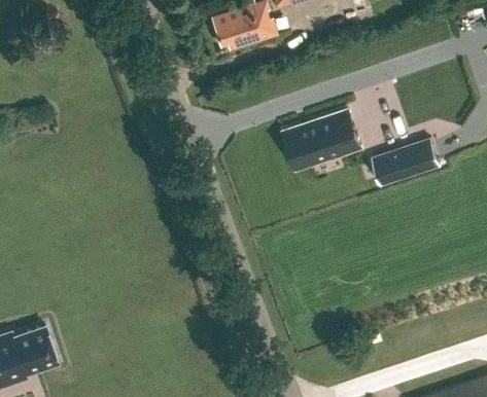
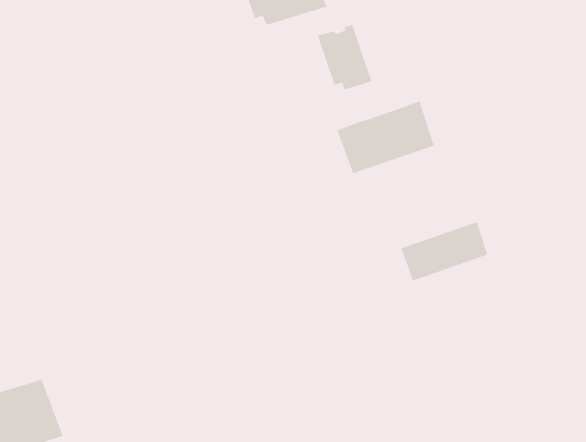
building: none -> [317,24,372,90]
building: [371,139,439,185] -> [401,222,488,281]

